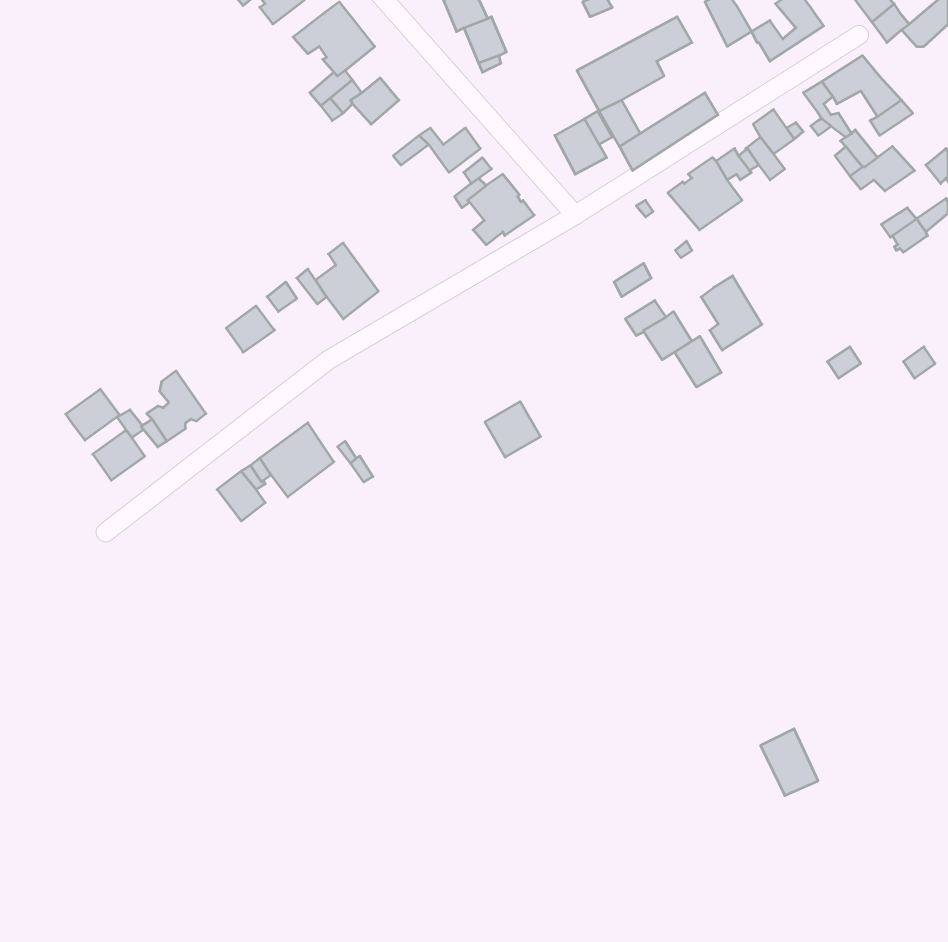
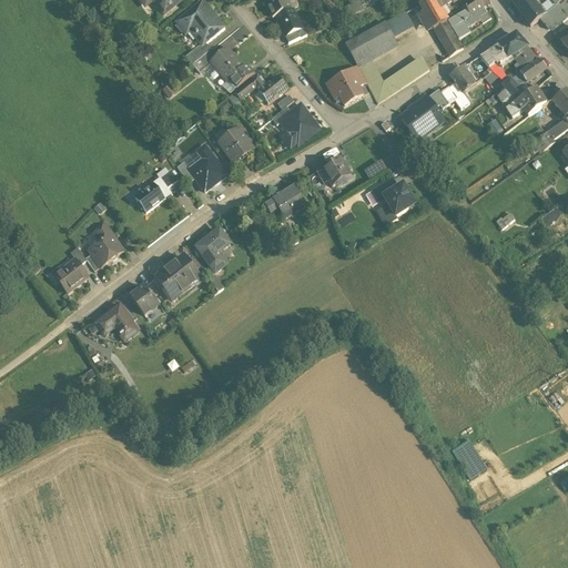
building: none -> [435,19,464,55]
building: none -> [222,60,254,87]
building: none -> [219,128,252,162]
building: none -> [320,155,352,186]
building: [701,276,762,350] -> none
building: [674,336,721,387] -> none
building: none -> [196,227,229,268]
building: [66,389,120,440] -> none
building: [485,402,541,457] -> [273,183,306,216]
building: none -> [94,300,138,335]

